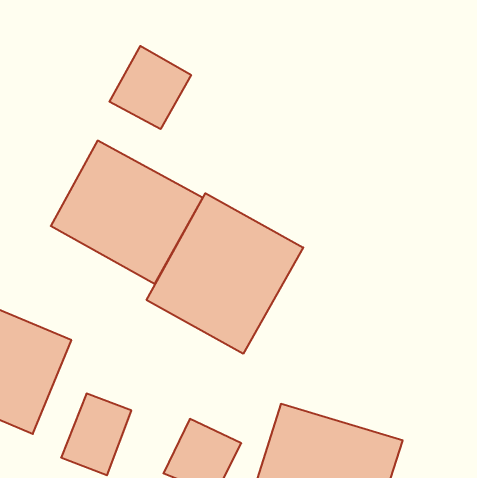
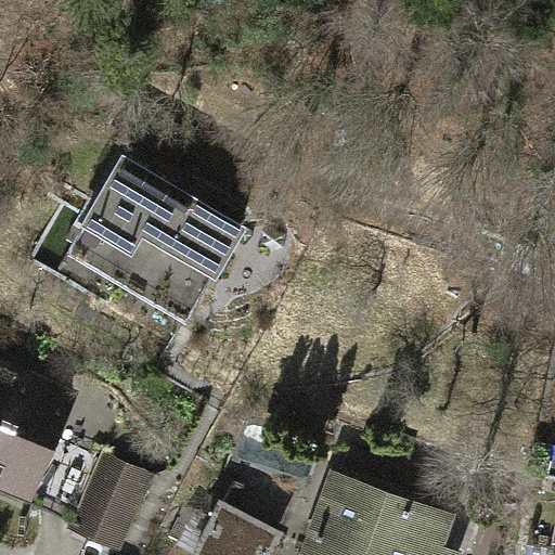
building: [109,46,191,129] -> none
building: [147,193,303,354] -> none

